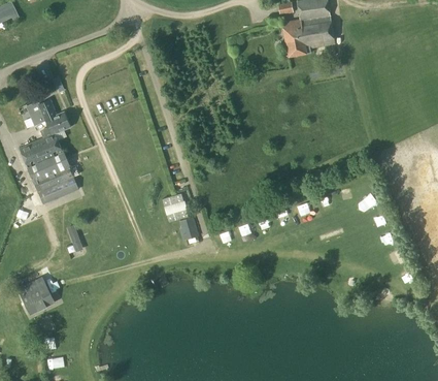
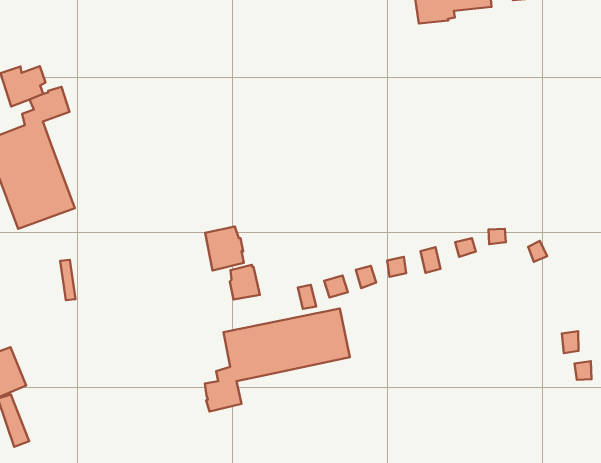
building: none -> [205,309,350,411]

